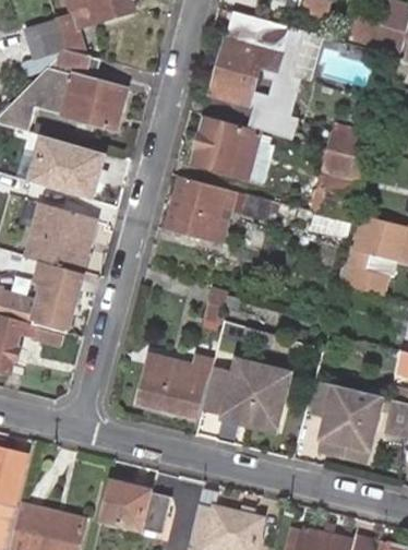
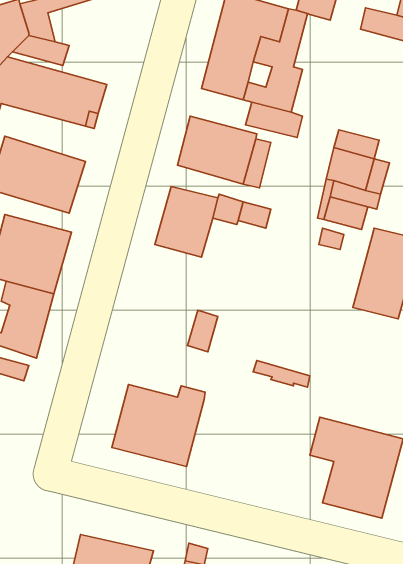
building: [202,354,298,435] -> none

